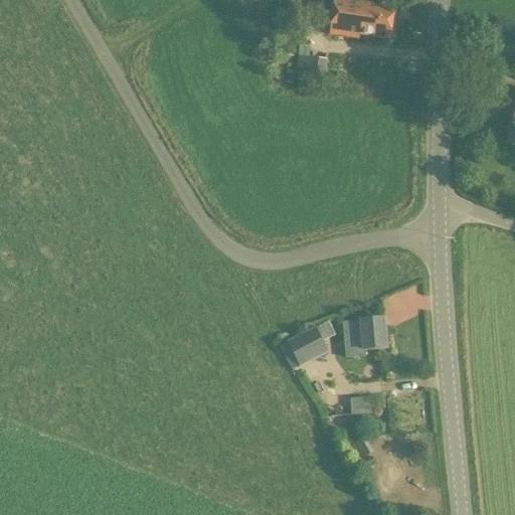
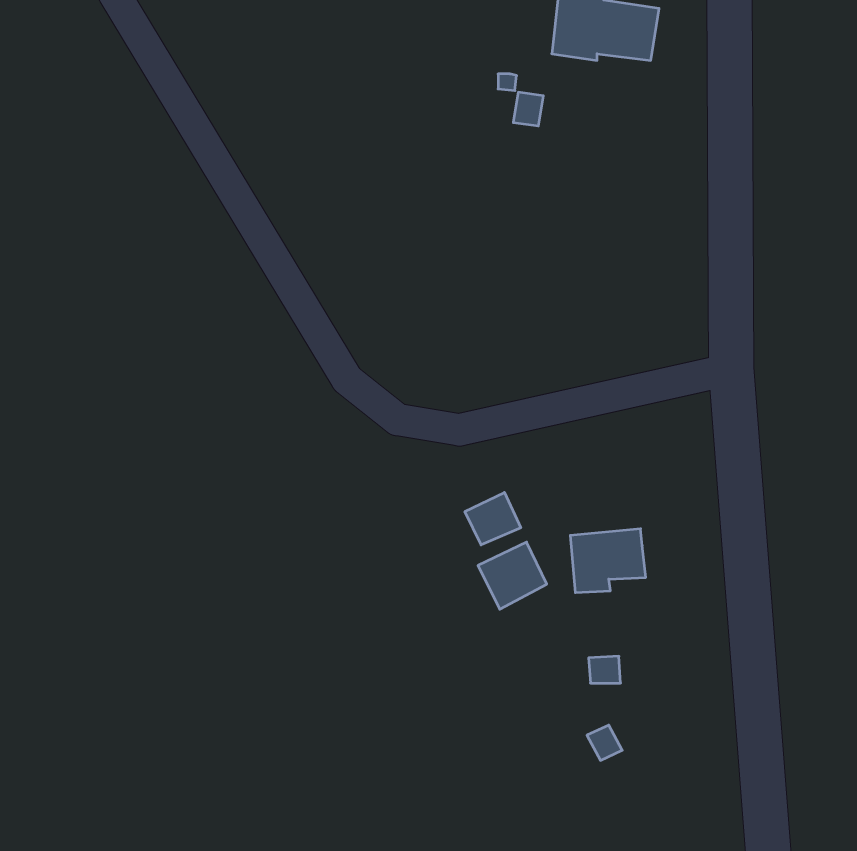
building: none -> [465,492,521,545]

